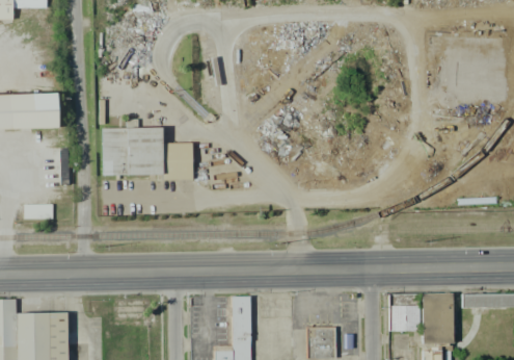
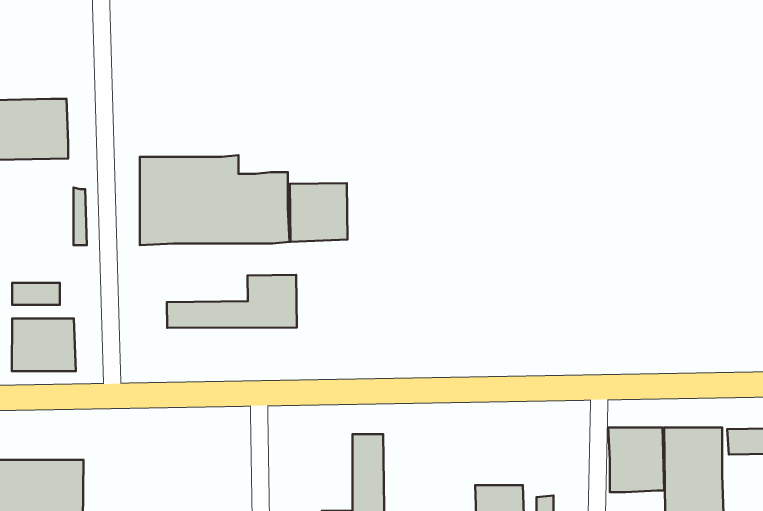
building: none -> [290,183,348,242]
building: none -> [167,275,297,328]
building: none -> [12,319,76,371]

